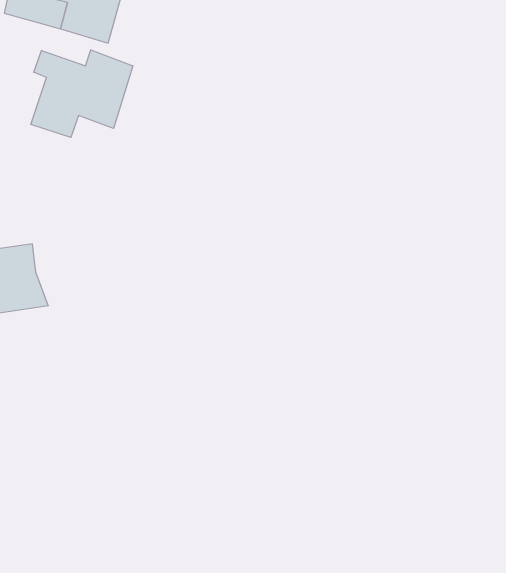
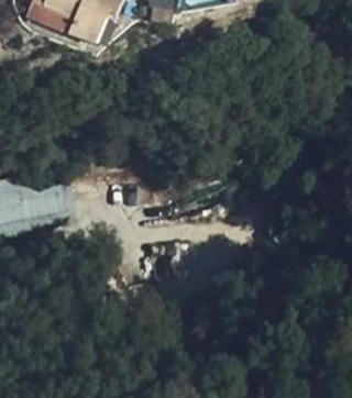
building: [31,50,133,137] -> none

